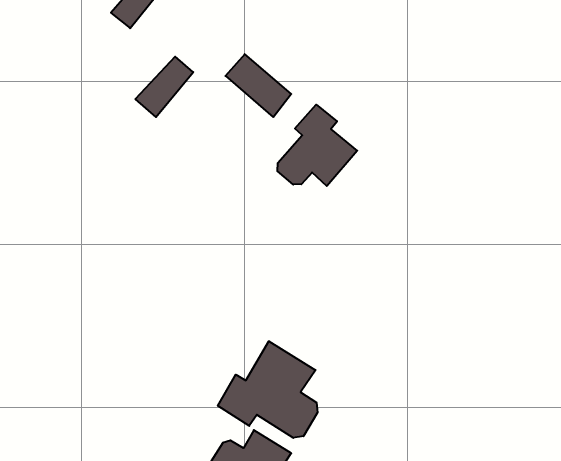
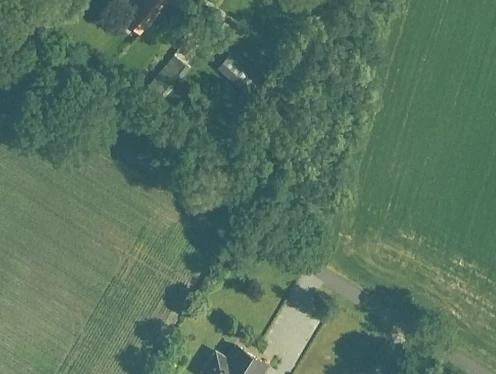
building: [277,105,357,186] -> none
building: [218,341,318,438] -> none

